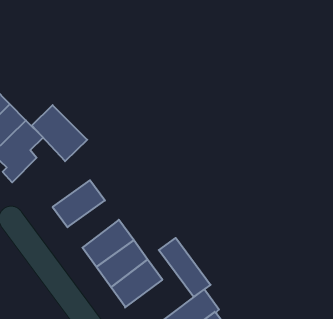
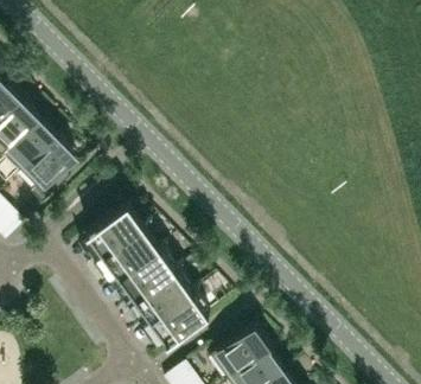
building: [32,105,87,161] -> none
building: none -> [104,225,161,277]
building: [159,238,211,297] -> none

